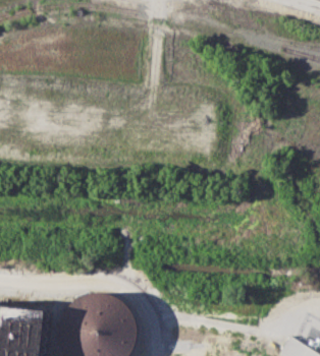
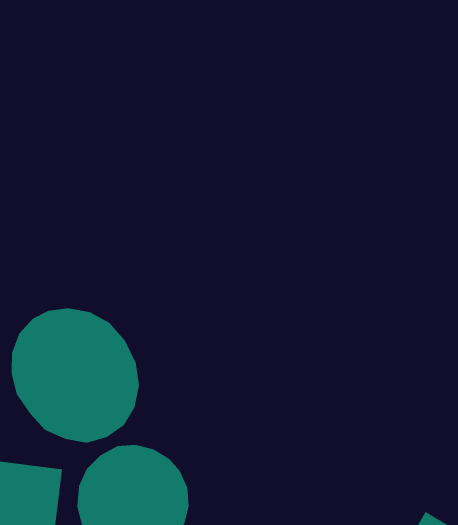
building: none -> [11,307,139,443]

